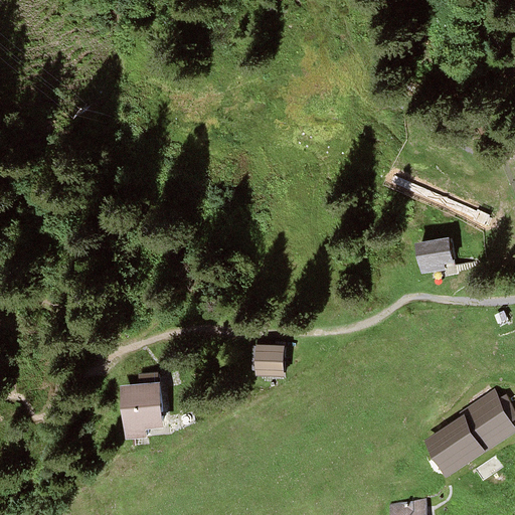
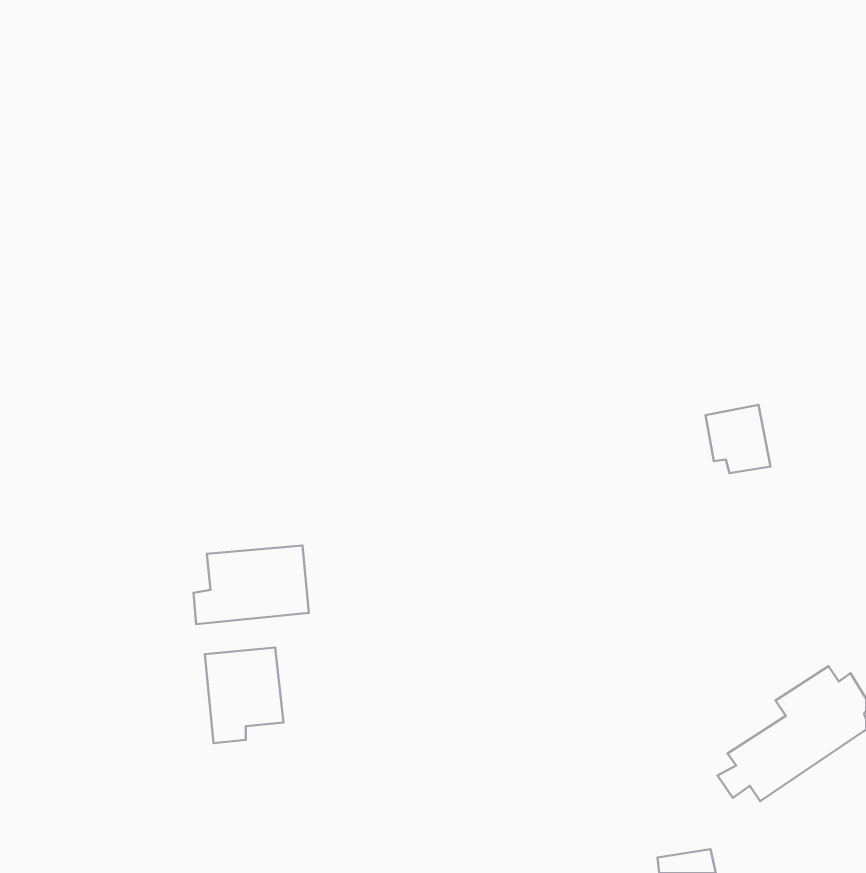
building: none -> [193,546,309,624]
building: [249,343,286,376] -> none

